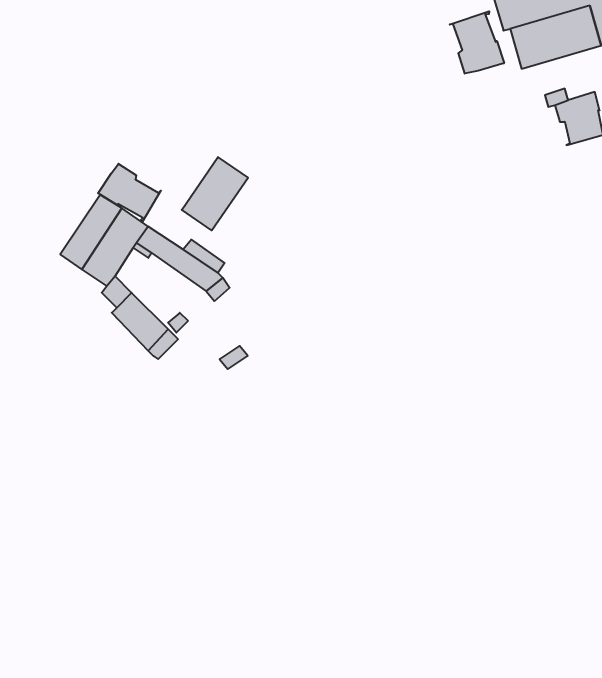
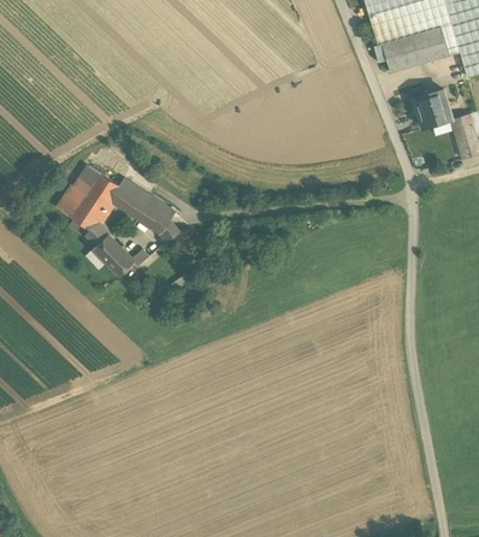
building: [450,11,504,74] -> none
building: [182,157,248,230] -> none
building: [98,164,161,222] -> none

